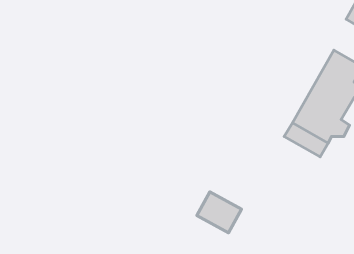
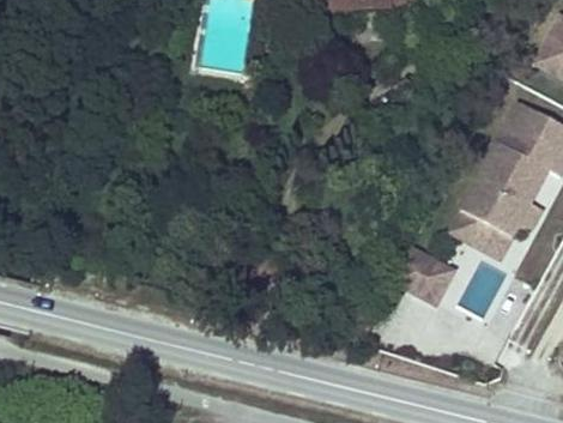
building: [197,192,242,233] -> [388,244,454,304]

